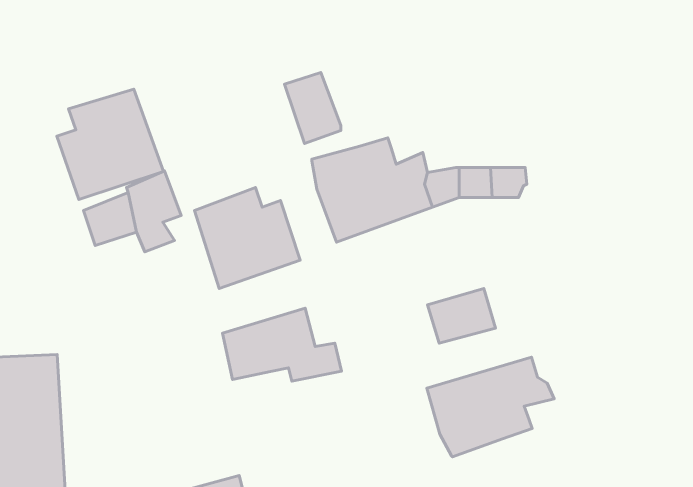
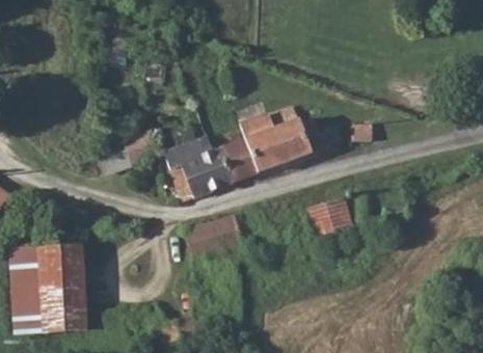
building: [285,72,341,144] -> [219,138,254,183]
building: [57,89,163,200] -> none
building: [427,357,554,457] -> none

